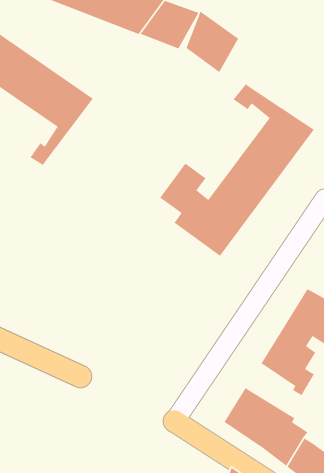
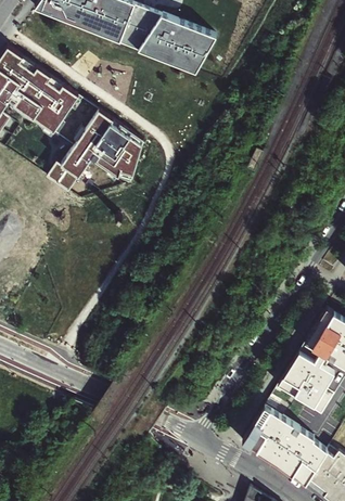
building: [185,11,239,73] -> none
building: [159,83,315,257] -> none
building: none -> [64,117,148,190]

